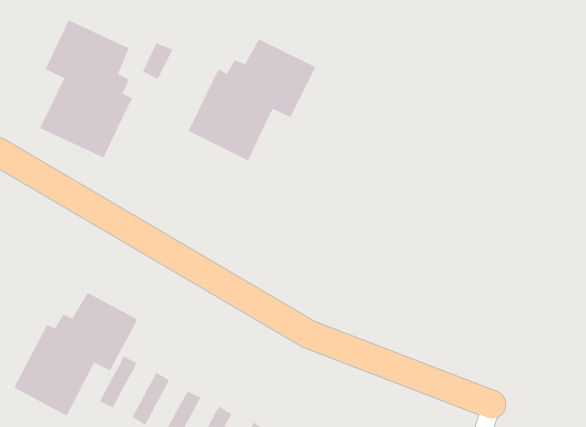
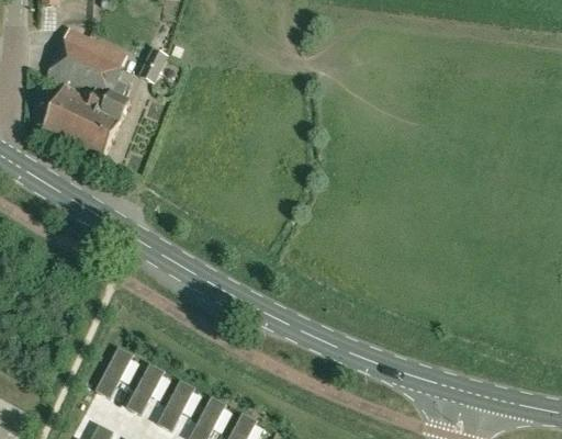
building: [188,39,316,161] -> none
building: [13,292,138,417] -> none

